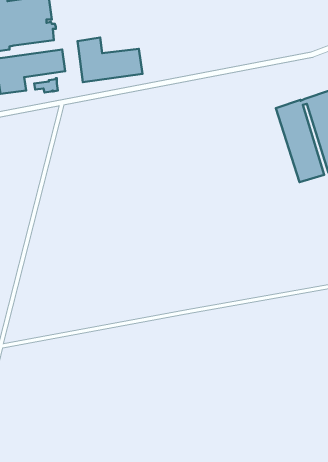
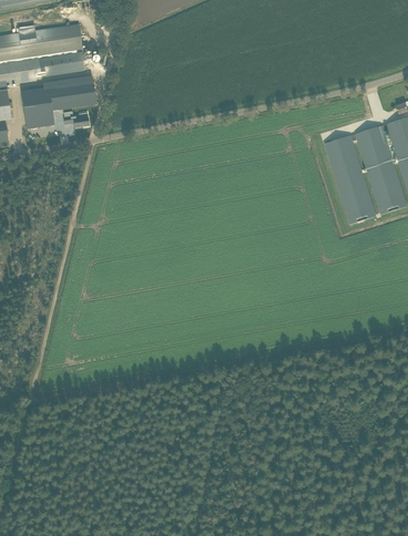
building: [78,38,142,82] -> none

